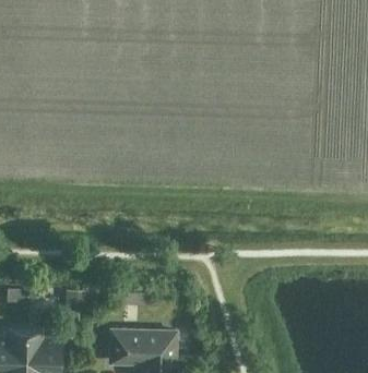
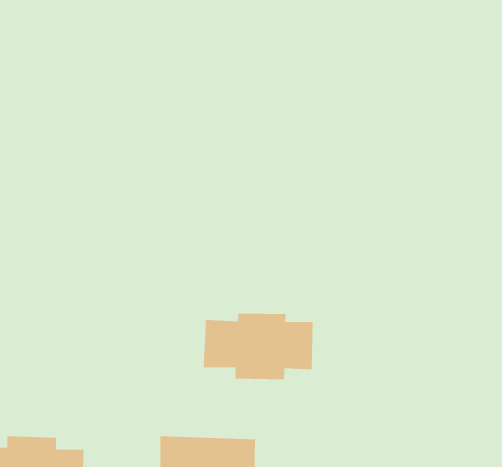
building: none -> [203,313,313,380]

